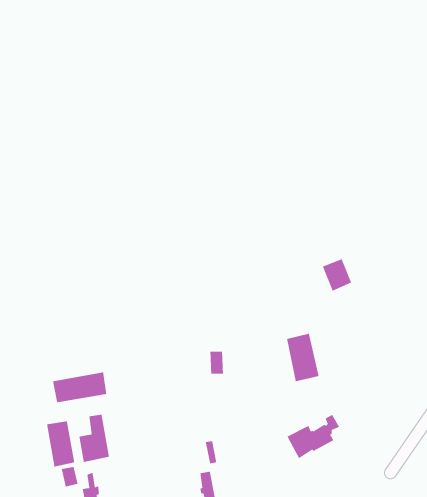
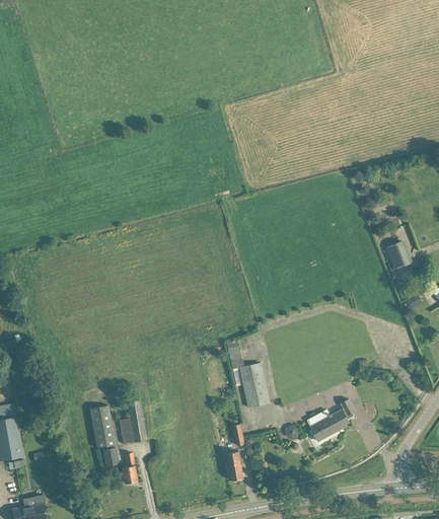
building: [322,258,352,292] -> [385,240,413,271]
building: [286,333,320,382] -> [239,363,270,407]
building: [52,372,107,403] -> none

